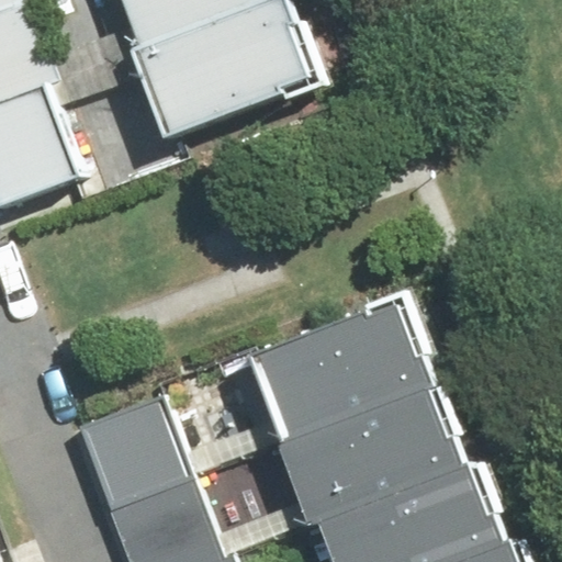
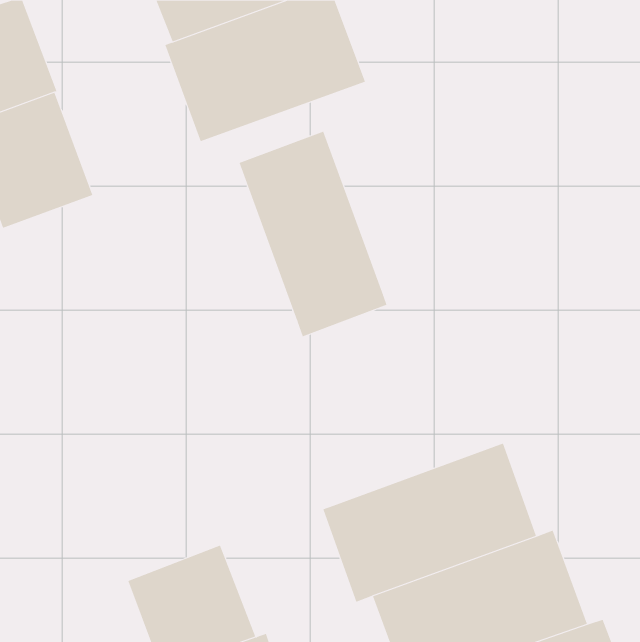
building: none -> [239,131,387,337]
building: [254,300,434,443] -> none
building: [78,393,190,508] -> none

